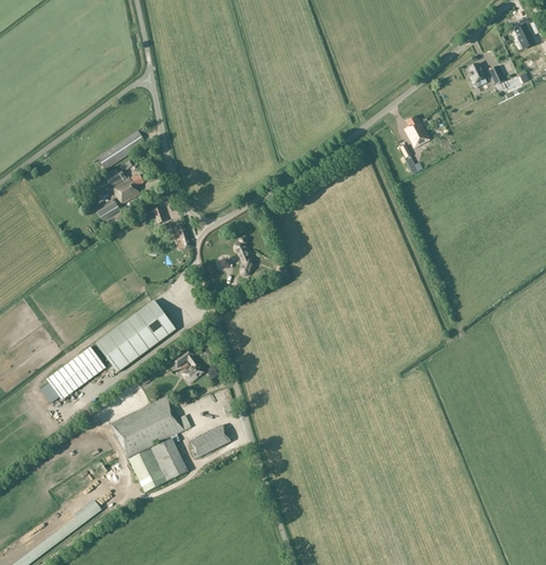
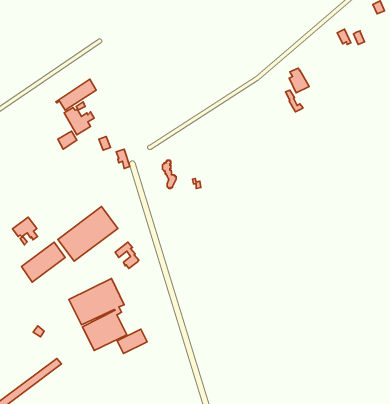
building: none -> [12,217,38,245]
building: [189,424,229,457] -> [117,329,147,354]

